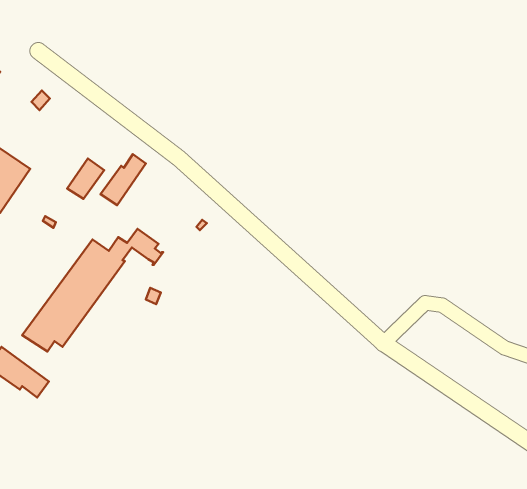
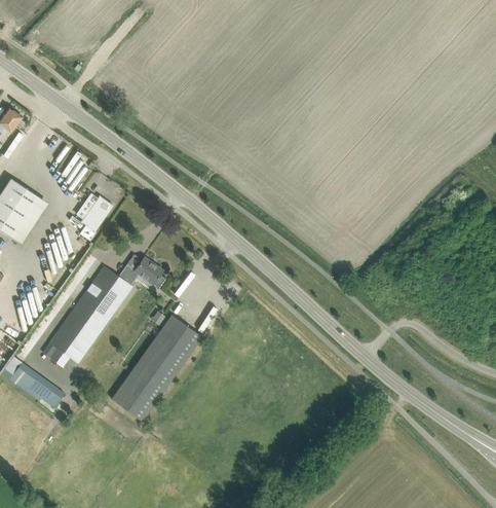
building: [101,154,146,205] -> none
building: none -> [110,314,201,421]

